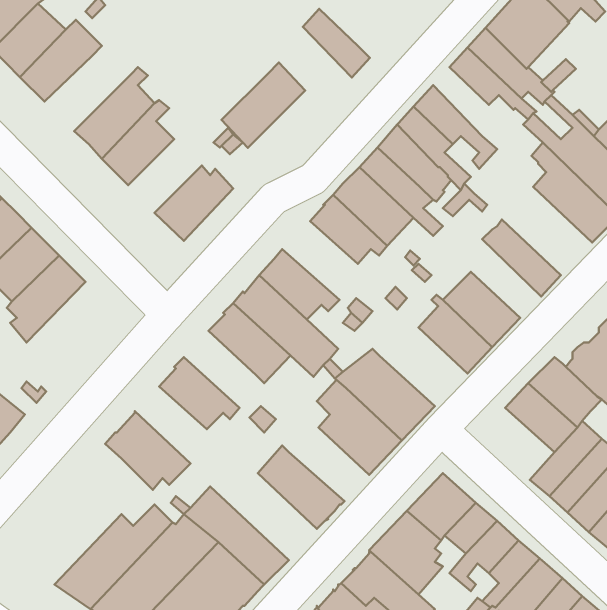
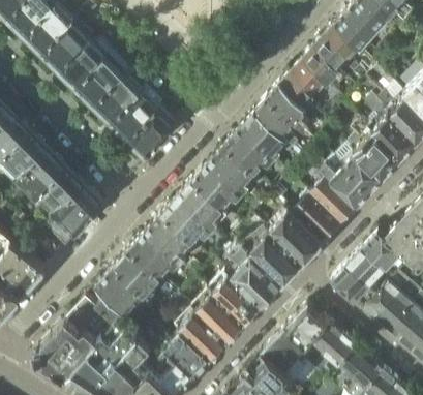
building: [303,9,370,77] -> [301,50,343,93]
building: none -> [56,42,111,90]
building: [222,63,305,148] -> [109,88,161,142]
building: none -> [344,120,401,181]
building: none -> [206,147,253,196]
building: none -> [319,158,369,208]
building: none -> [44,185,102,243]
building: none -> [267,210,323,264]
building: none -> [144,216,189,265]
building: none -> [113,251,163,300]
building: none -> [330,265,377,310]
building: none -> [210,275,261,324]
building: none -> [160,296,228,361]
building: none -> [33,297,121,376]

